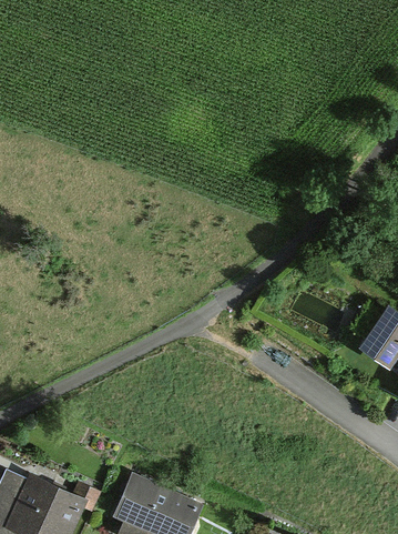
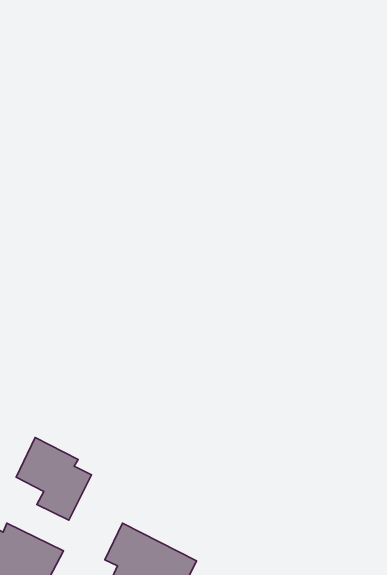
building: none -> [16,437,92,520]

